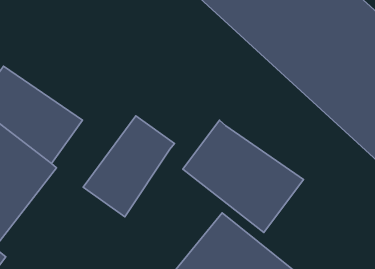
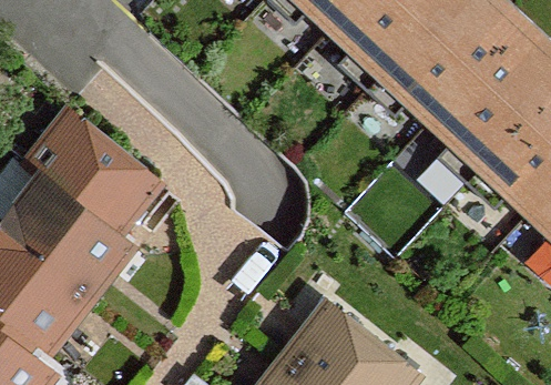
building: [83,116,174,217] -> none
building: [183,120,303,233] -> none

